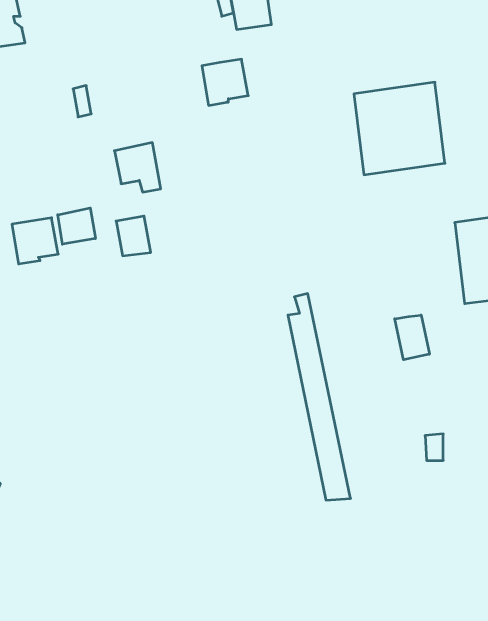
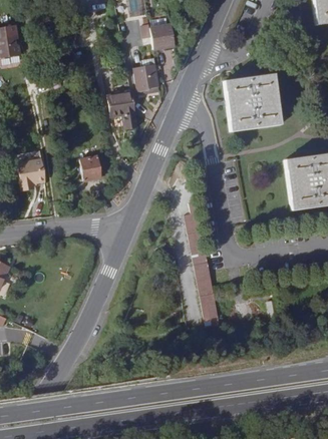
building: [114,143,161,192] -> [109,93,137,123]
building: [58,208,95,244] -> none
building: [395,315,429,360] -> none

